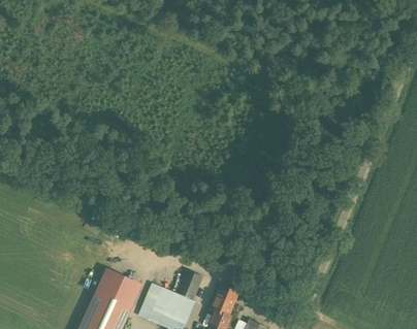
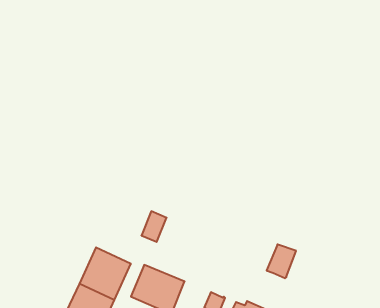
building: [178,269,201,298] -> [141,211,167,242]
building: [210,284,237,316] -> [267,244,296,278]

